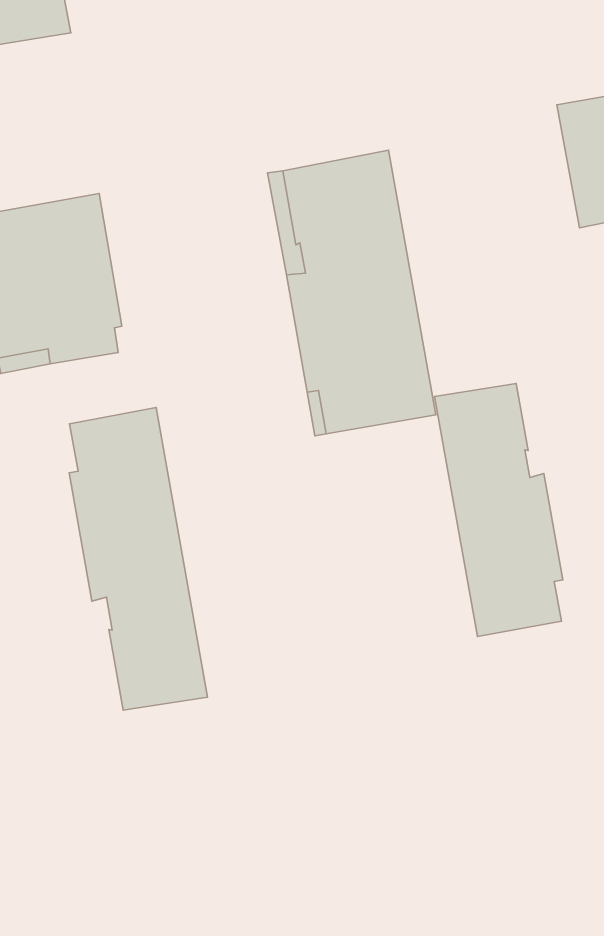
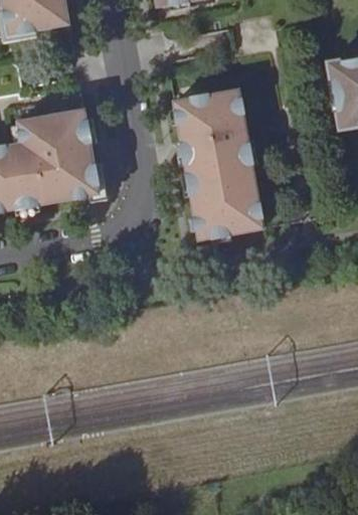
building: [435,383,563,637] -> none
building: [69,408,208,710] -> none

